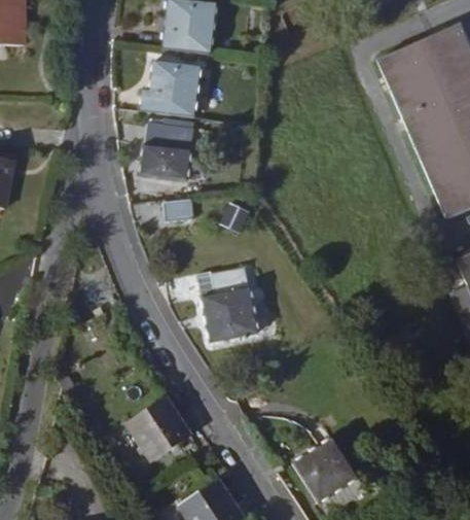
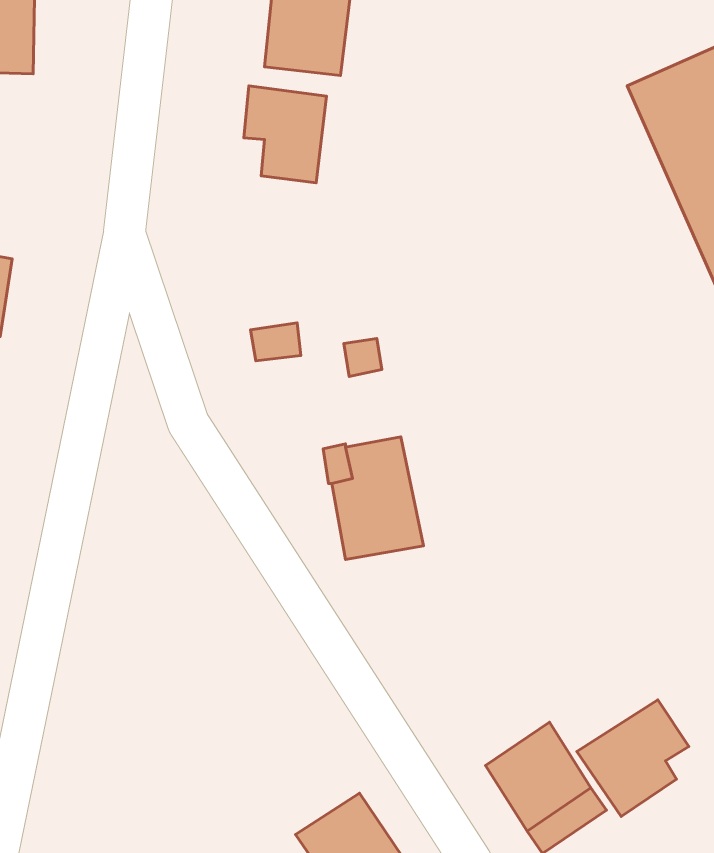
building: [141,124,192,179] -> none
building: [130,398,192,462] -> none
building: none -> [577,700,689,816]

